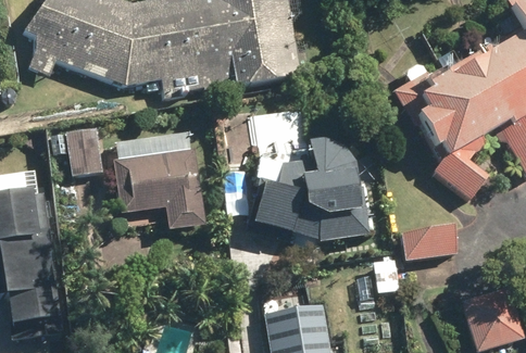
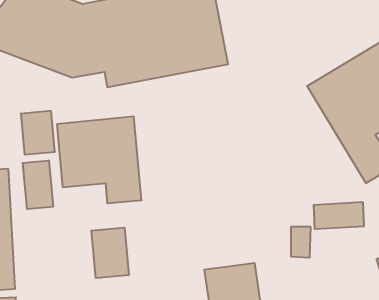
building: [234,125,349,235] -> none
building: none -> [23,160,53,209]
building: none -> [91,228,129,278]

